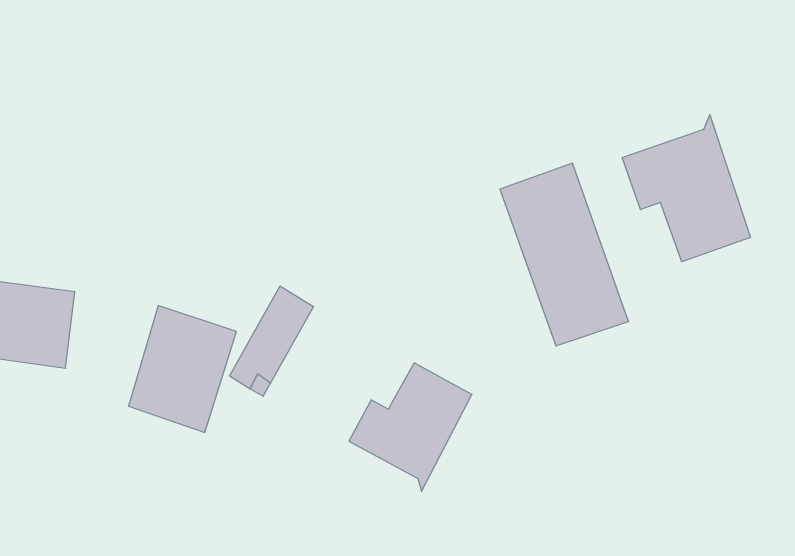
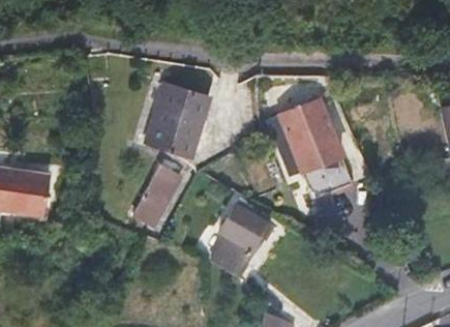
building: [622,115,750,262] -> none
building: [128,305,236,432] -> [147,88,207,158]

